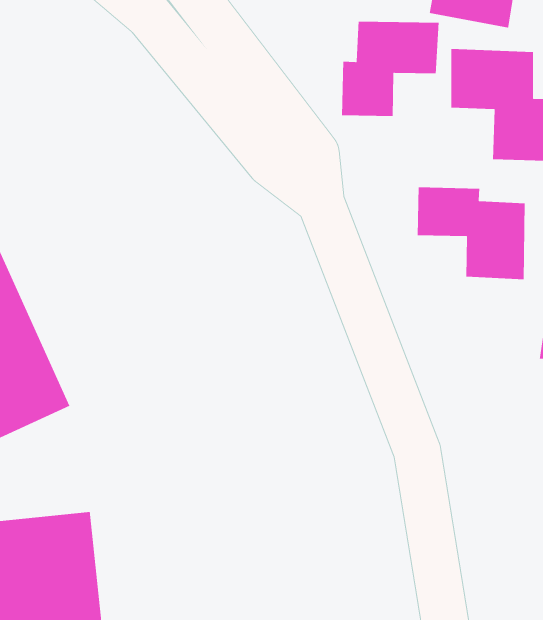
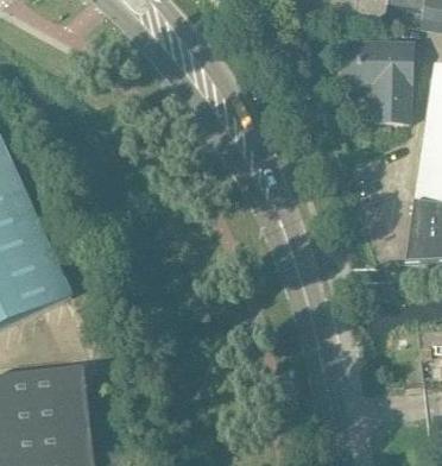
building: [341,21,440,117] -> none
building: [417,187,525,280] -> none

